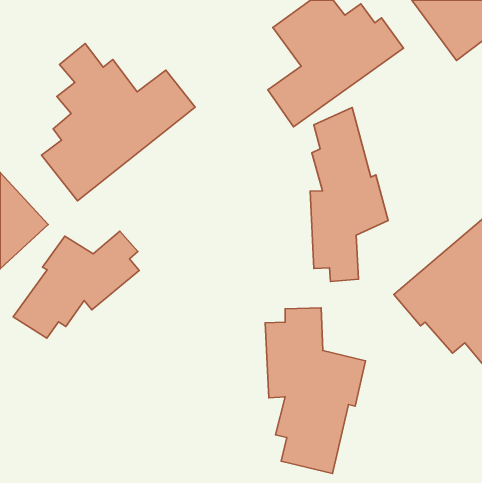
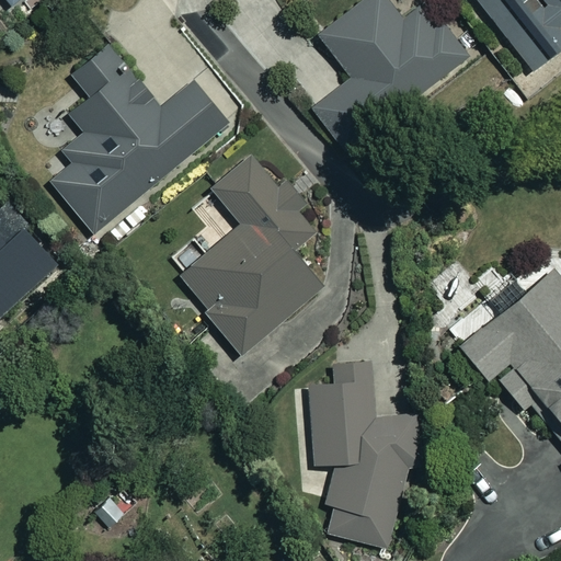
building: [310,108,388,281] -> none
building: none -> [175,153,323,354]
building: [13,231,139,338] -> none

